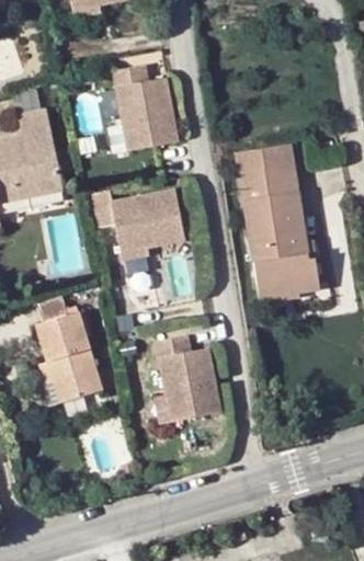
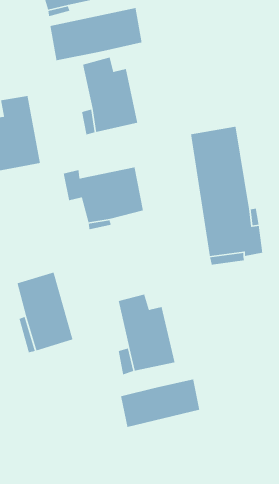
building: none -> [49,7,143,61]
building: none -> [120,378,200,428]

